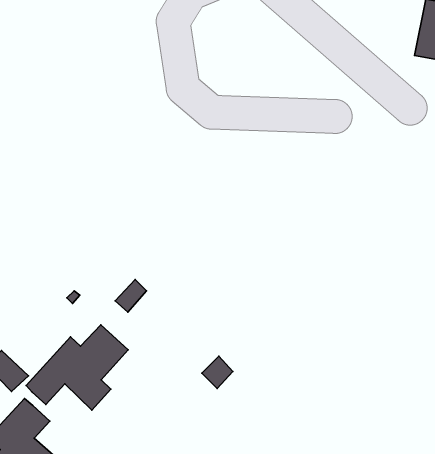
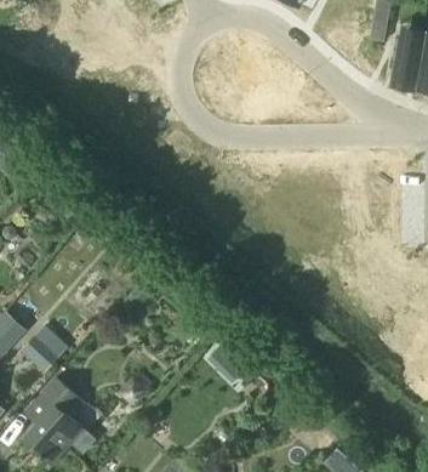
building: [26,325,128,410] -> none

